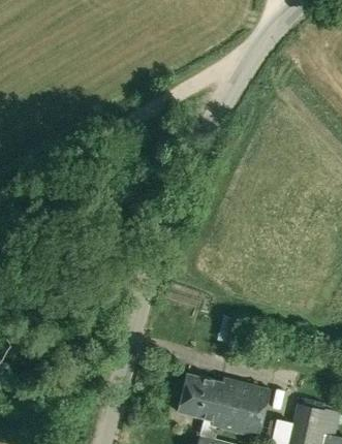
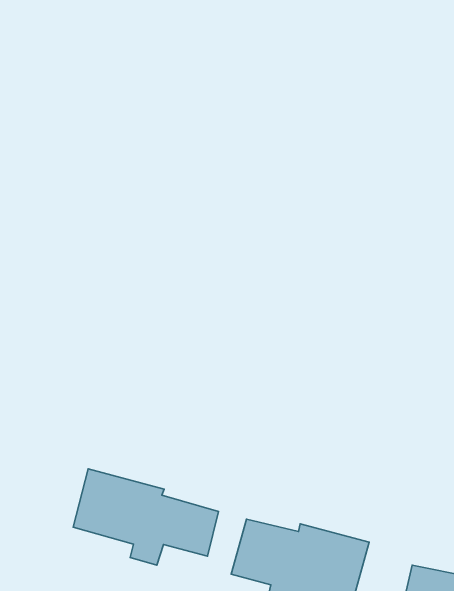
building: none -> [73,469,219,565]

